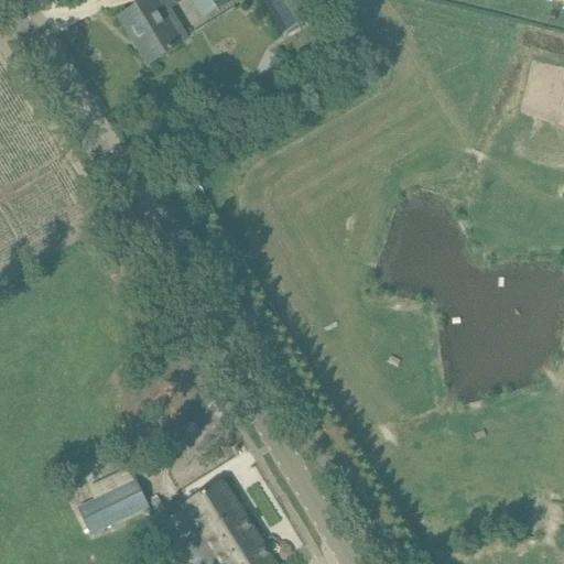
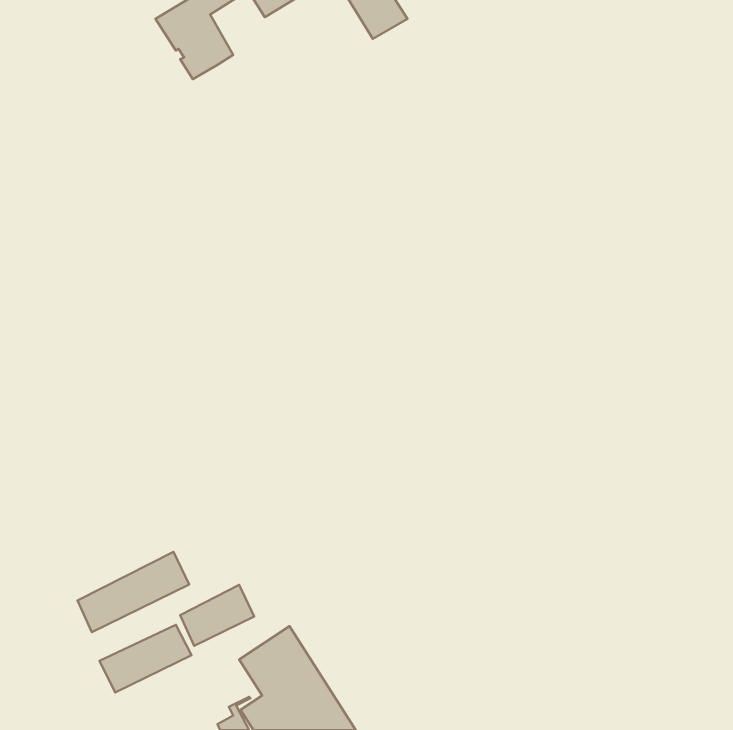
building: none -> [77,552,189,632]
building: none -> [180,585,254,646]

